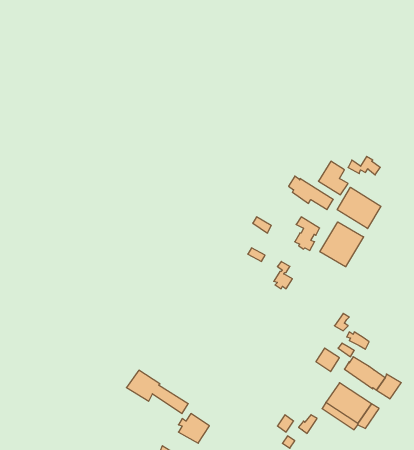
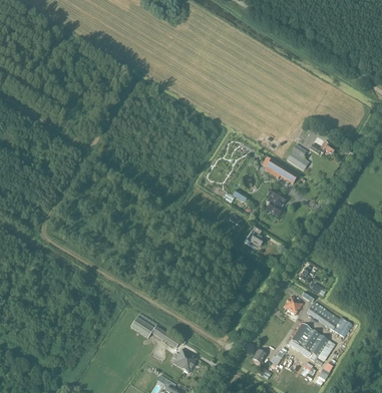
building: [337,187,381,229] -> none
building: [320,222,364,267] -> none

